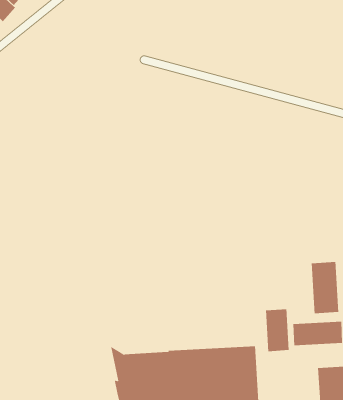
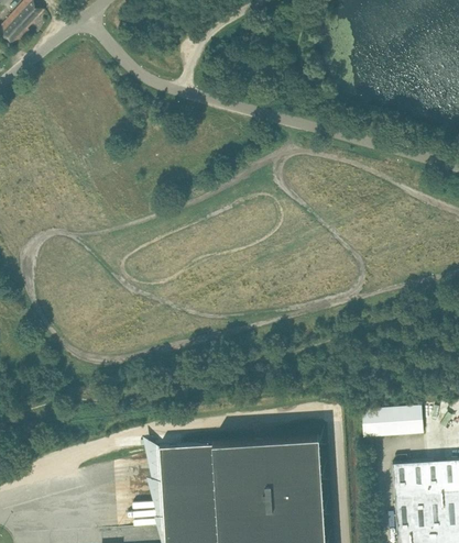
building: [311,261,339,314] -> none
building: [266,308,289,352] -> none

